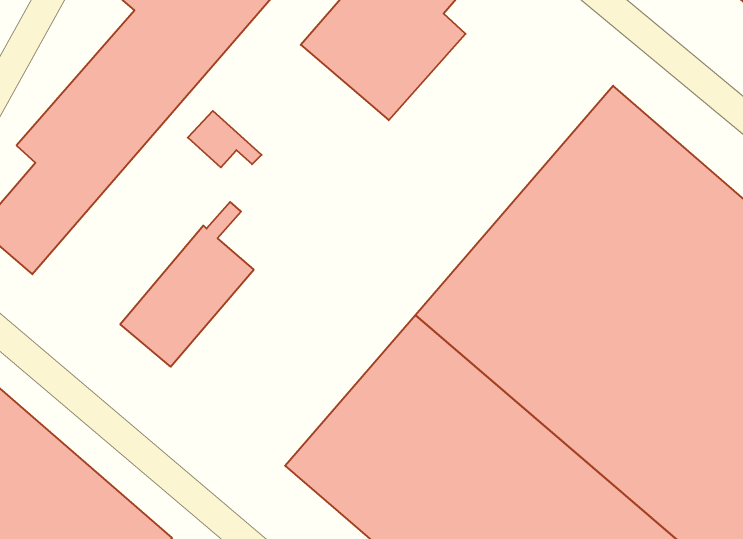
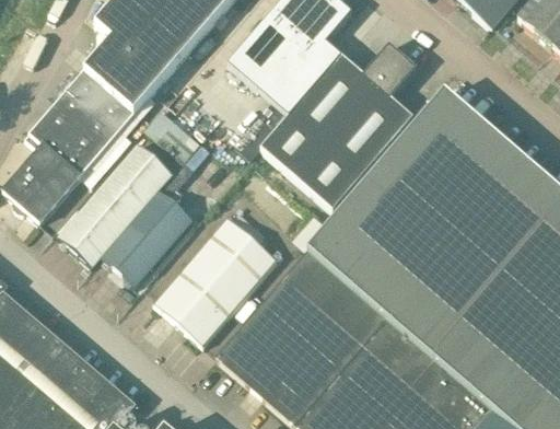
building: none -> [260,44,417,209]
building: none -> [57,142,172,265]
building: none -> [152,216,278,346]

